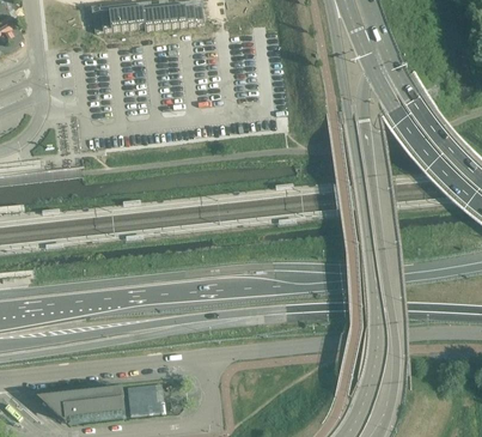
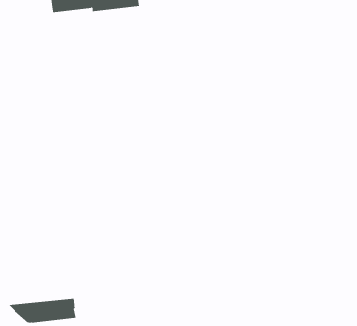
building: [126,380,161,408] -> none

